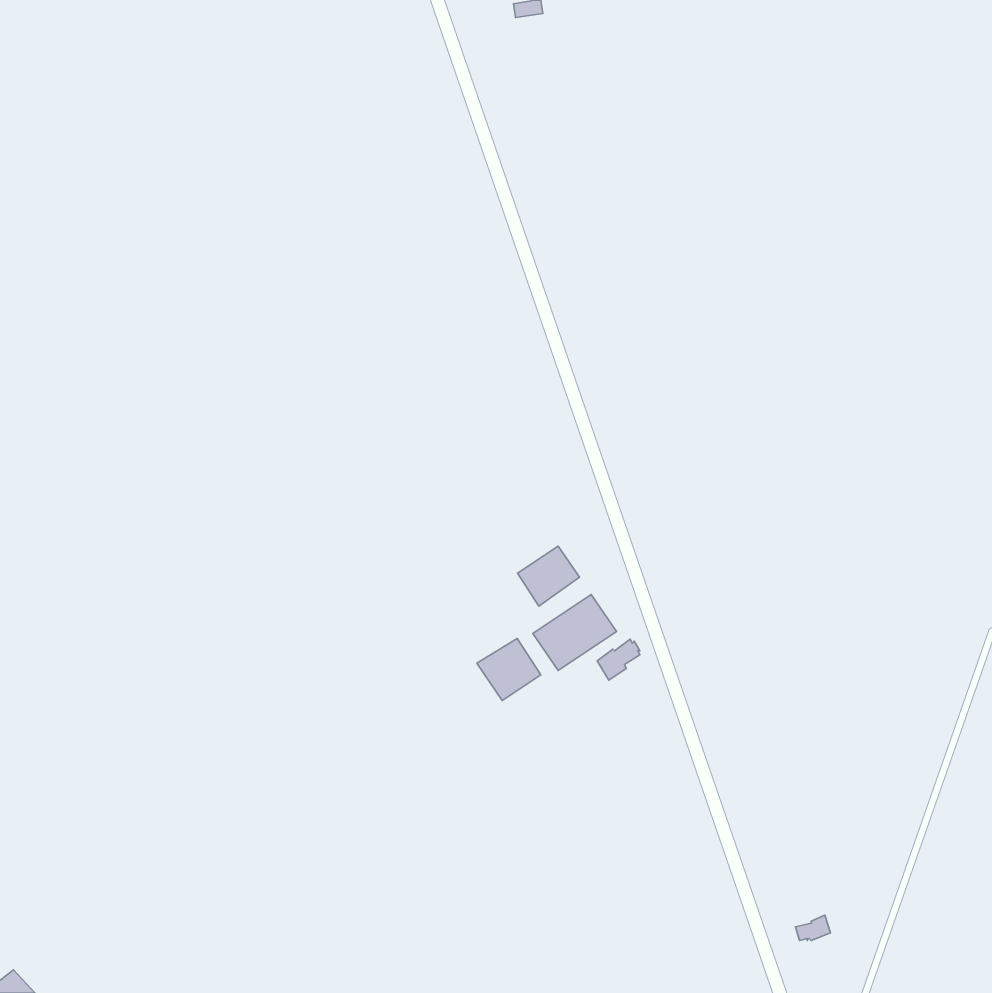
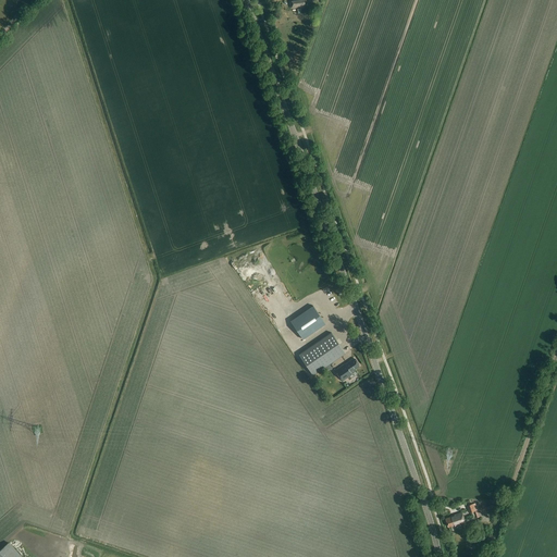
building: [477,638,541,700] -> none

